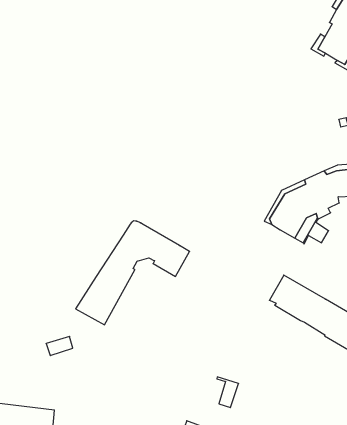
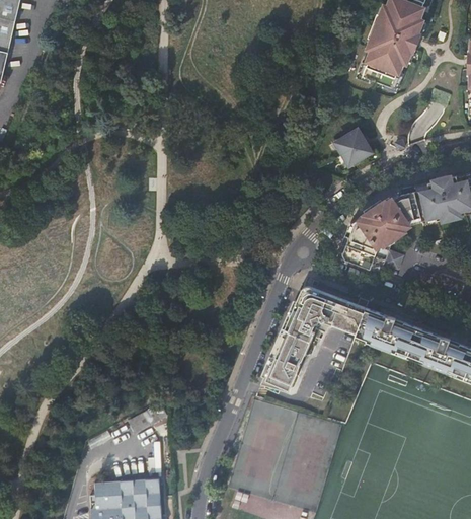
building: none -> [334,128,373,166]
building: [76,221,190,325] -> [261,286,366,394]

